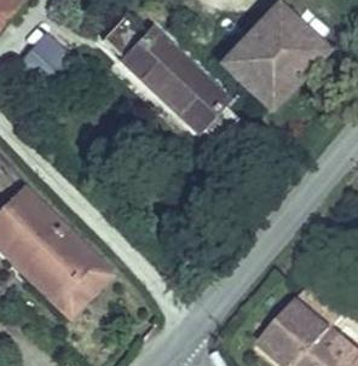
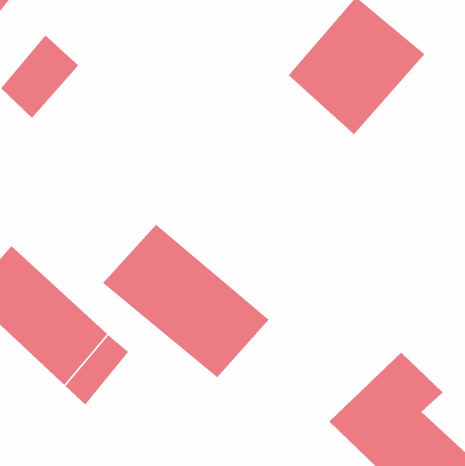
building: [98,12,239,139] -> none
building: none -> [102,224,270,378]

